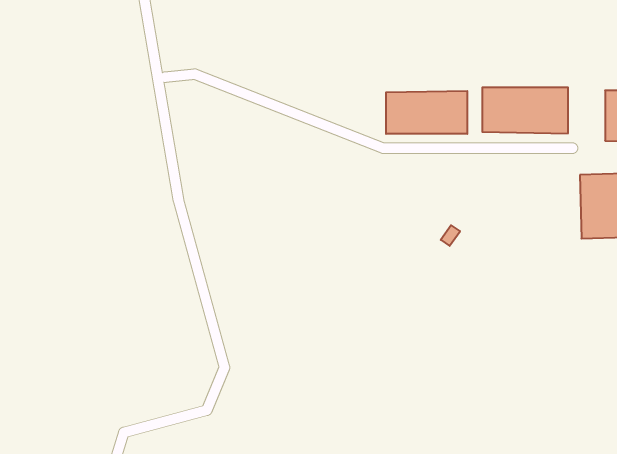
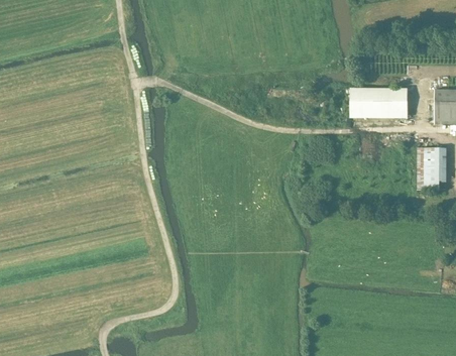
building: [386,91,467,134] -> none

